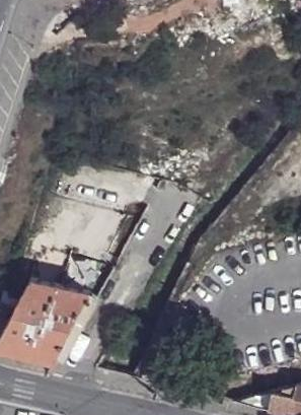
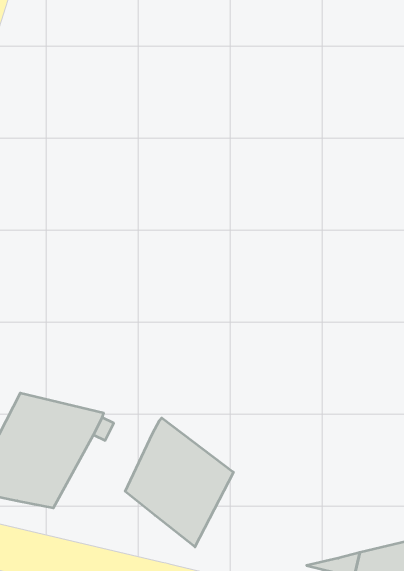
building: none -> [125,418,233,547]

